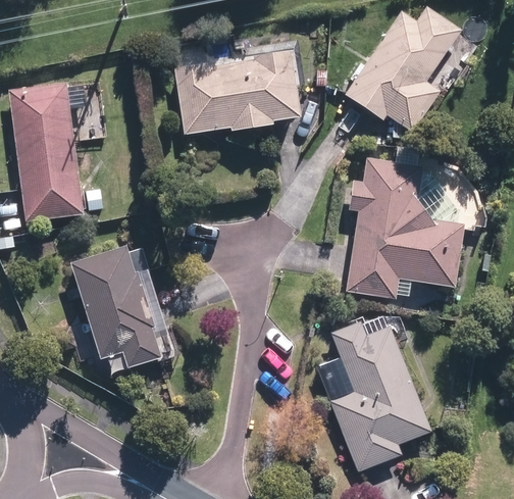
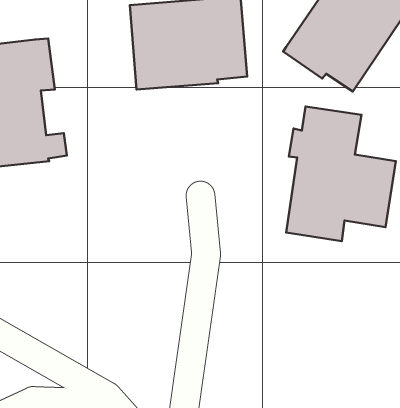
building: [68,242,184,378] -> none
building: [329,322,431,468] -> none

